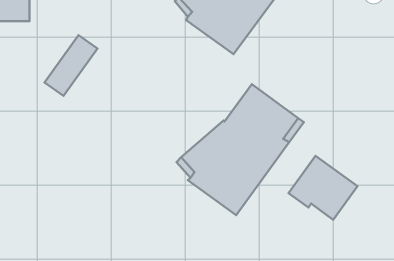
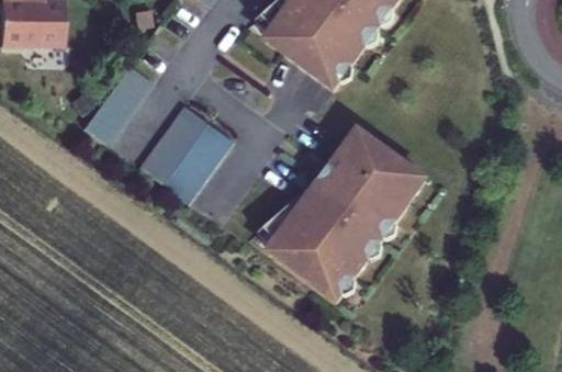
building: none -> [140,104,235,202]
building: [288,156,358,220] -> none

